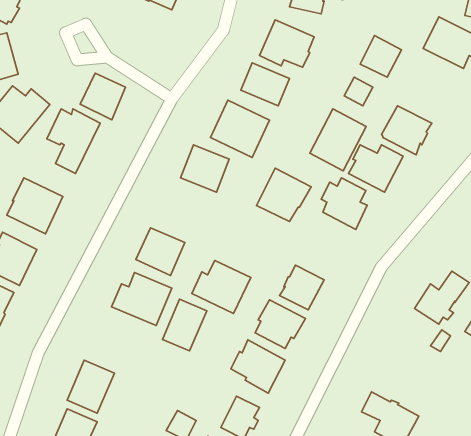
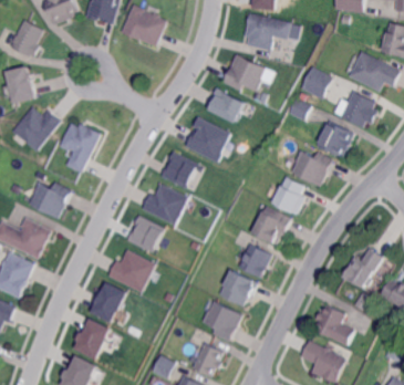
building: none -> [340,91,377,128]
building: [80,73,126,120] -> none
building: [310,109,366,171] -> none
building: [257,168,311,221] -> [250,205,292,246]
building: [192,260,251,313] -> [143,183,188,223]
building: [162,299,207,351] -> [92,281,126,321]
building: none -> [314,304,355,346]

